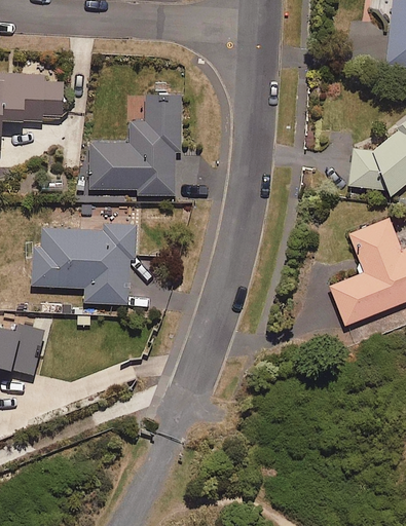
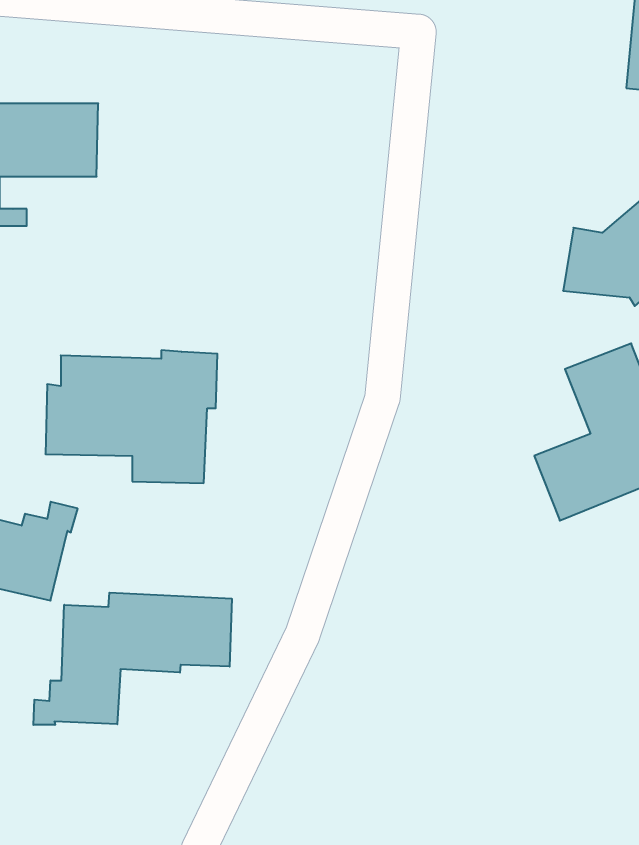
building: [90,95,181,194] -> none
building: none -> [33,593,232,725]

